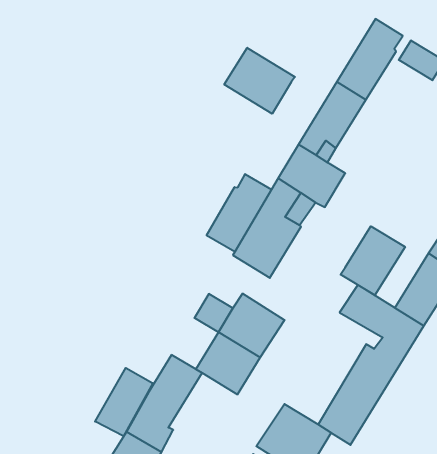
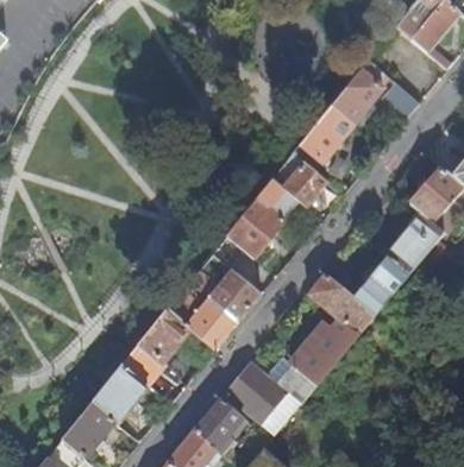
building: [224,48,295,114] -> none
building: [207,174,271,252] -> none
building: [341,226,405,295] -> none
building: [95,368,153,436] -> none

